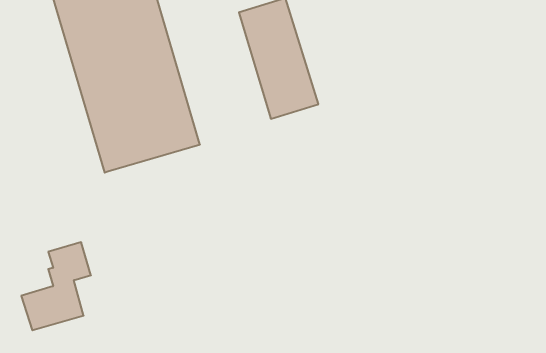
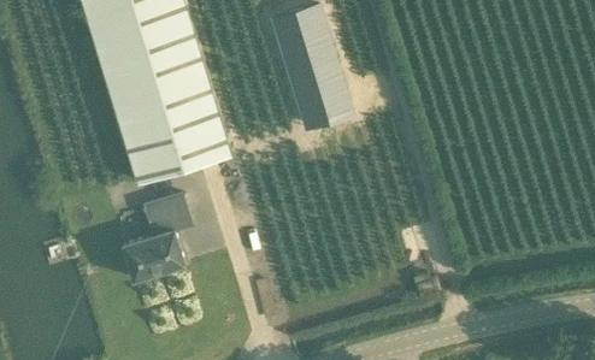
building: [21,242,91,330] -> [123,190,192,277]

